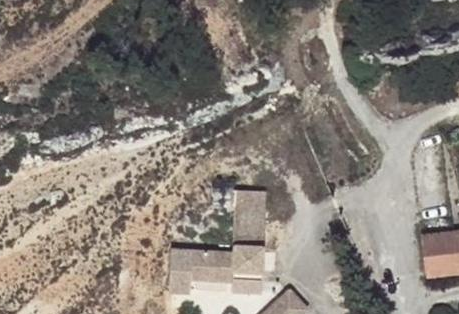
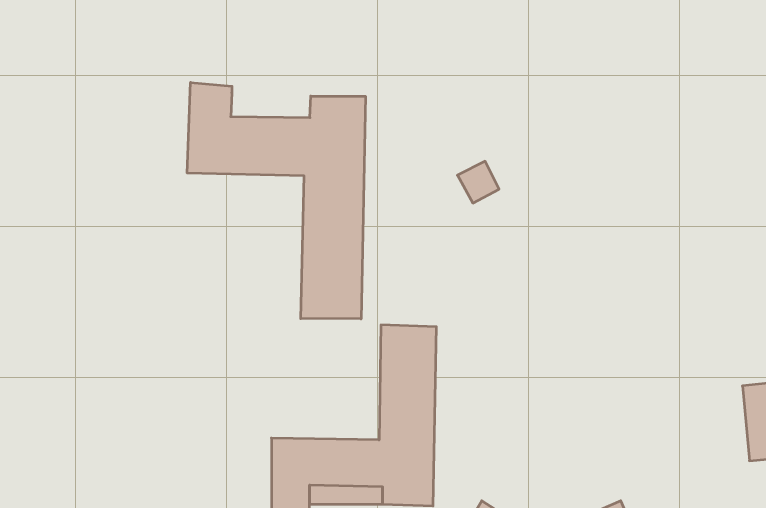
building: none -> [187,82,365,319]

